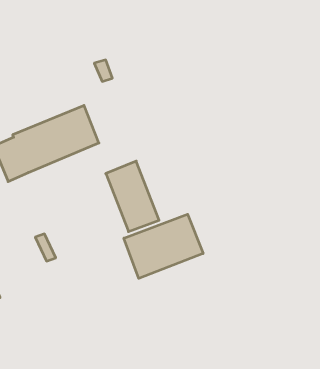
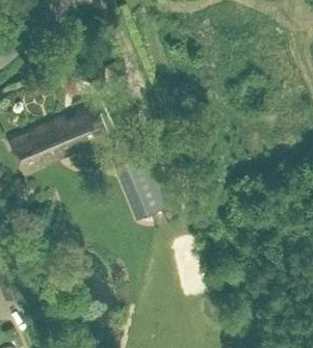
building: [124,214,203,278] -> none

